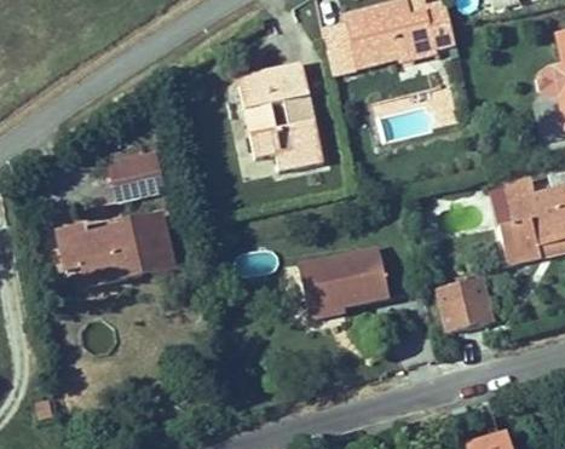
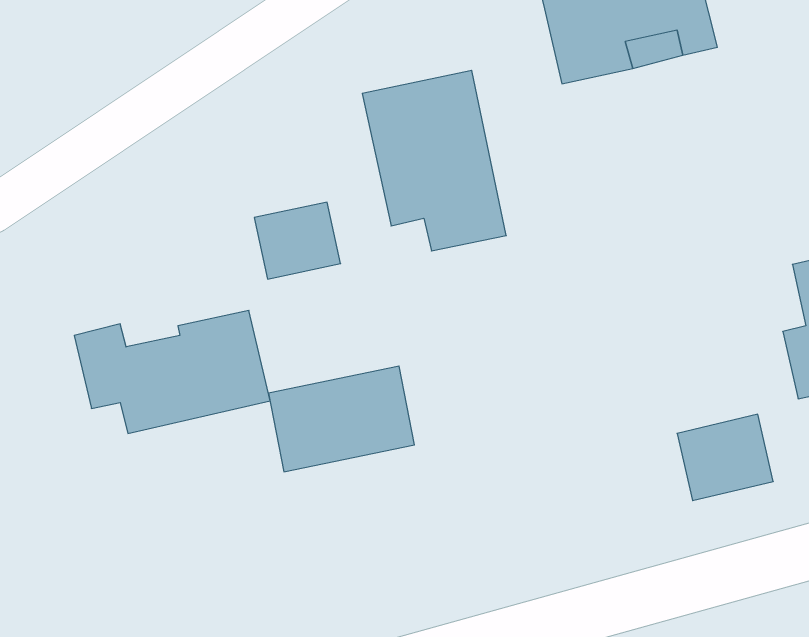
building: [323,21,361,75] -> none
building: [110,151,165,200] -> [254,202,341,279]
building: [296,246,388,312] -> [269,366,414,472]

